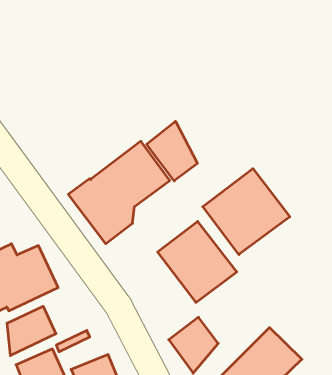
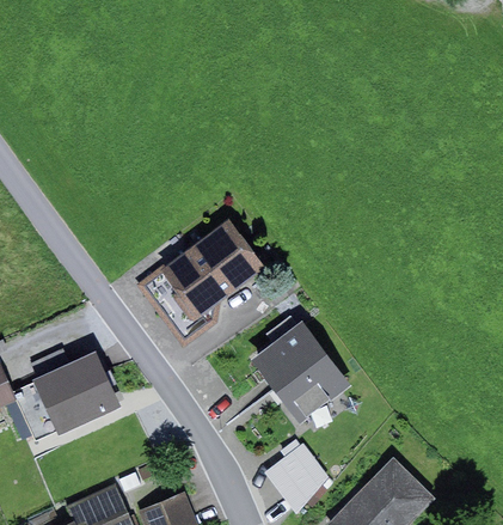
building: [147,121,197,181] -> none
building: [203,169,290,255] -> none
building: [7,306,56,356] -> none

